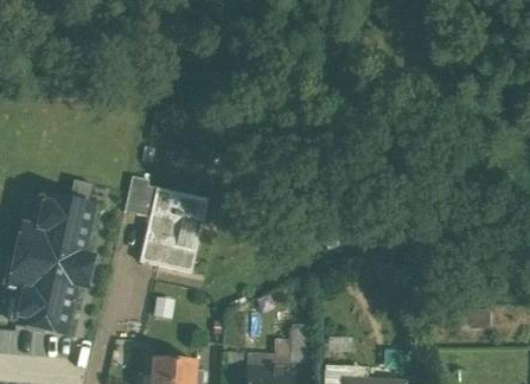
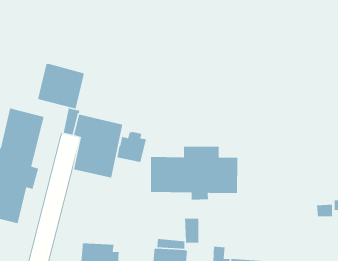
building: none -> [37,63,85,109]
building: none -> [116,131,147,163]
building: none -> [150,146,238,200]

